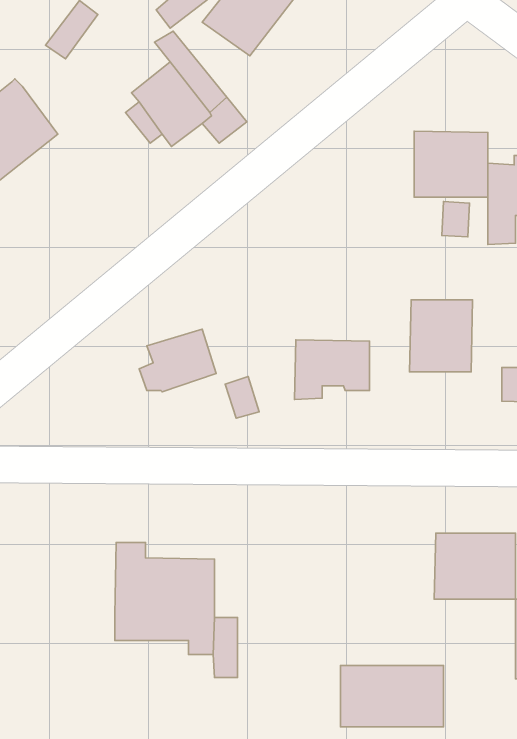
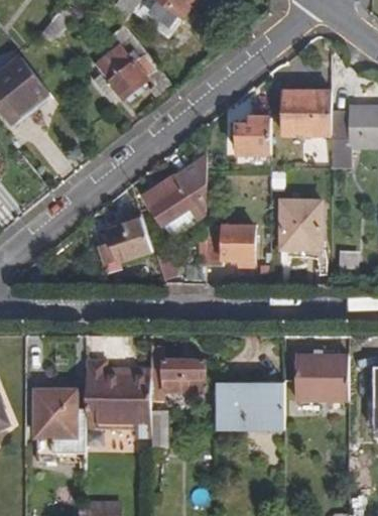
building: none -> [236,114,271,153]
building: none -> [144,156,205,224]
building: none -> [151,345,207,400]
building: none -> [34,389,86,459]
building: [341,666,443,727] -> [217,386,284,426]

